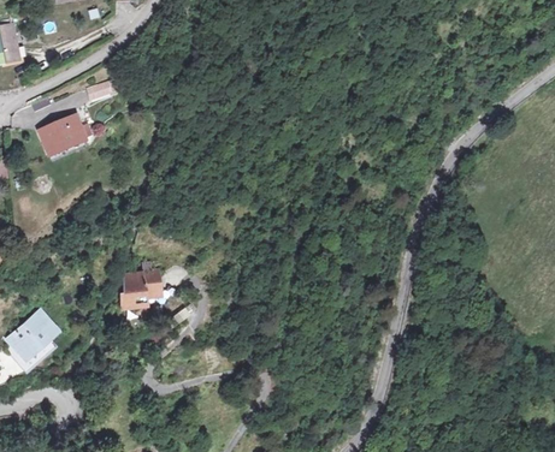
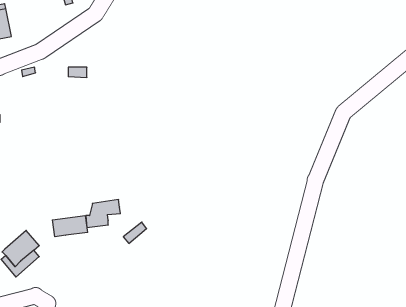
building: [40,124,78,155] -> none
building: none -> [52,216,88,237]

